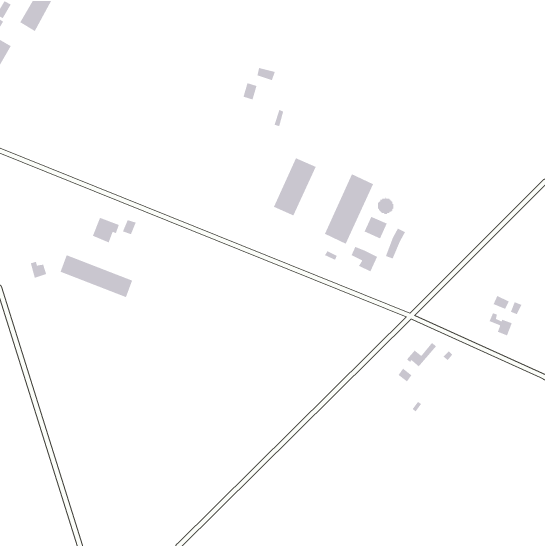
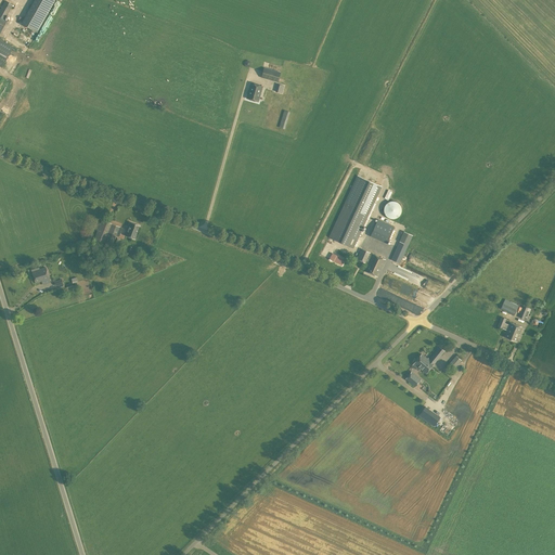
building: [273,157,317,217] -> none
building: [60,254,133,298] -> none

